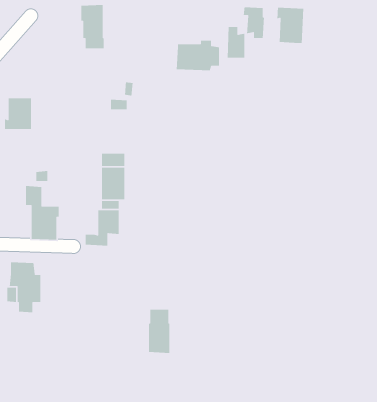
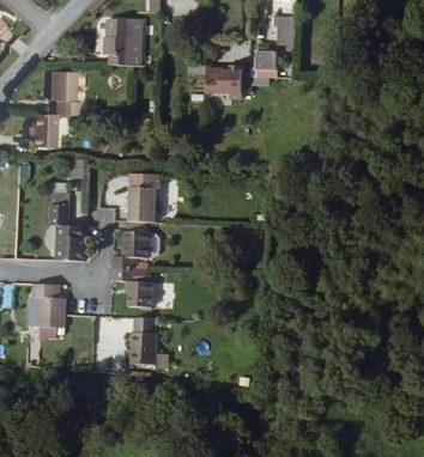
building: [277,7,304,44] -> none
building: none -> [47,72,78,115]
building: none -> [111,268,153,306]
building: [148,309,170,354] -> [133,317,156,364]

